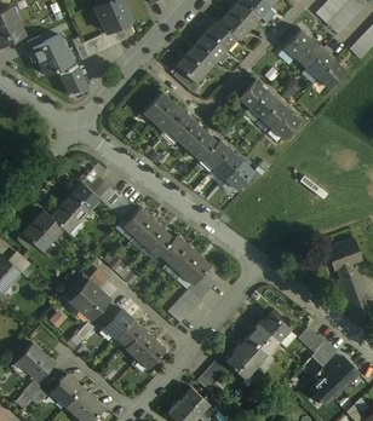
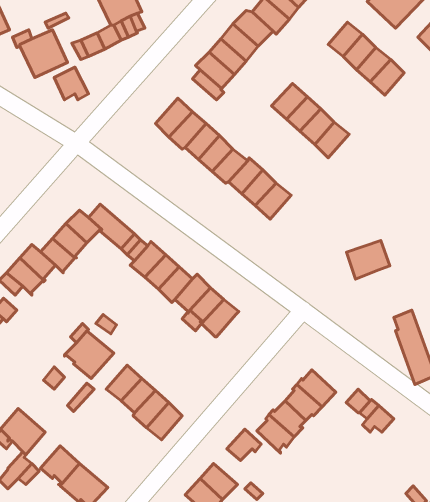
building: [326,238,361,270] -> [347,240,390,279]
building: [167,266,220,322] -> none
building: [310,357,358,404] -> none

